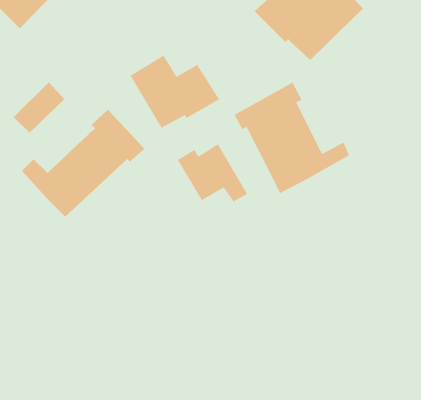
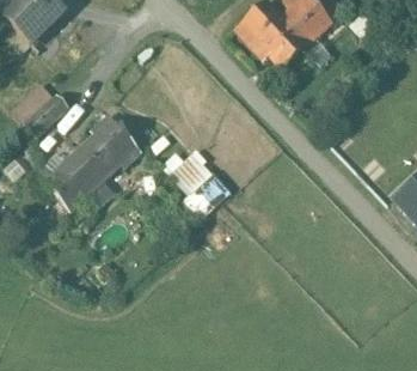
building: [129,55,220,129] -> none
building: [234,82,350,194] -> none

